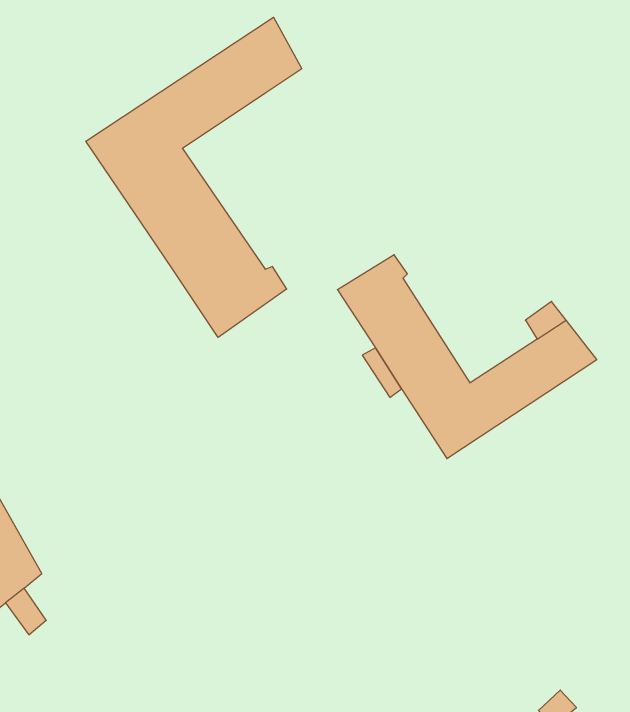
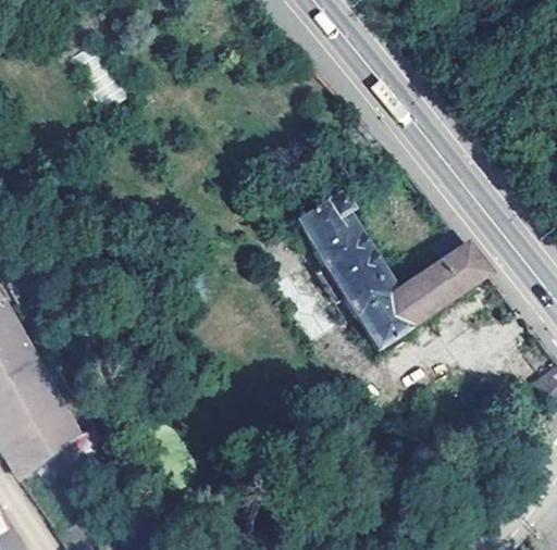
building: [86,17,302,337] -> none

